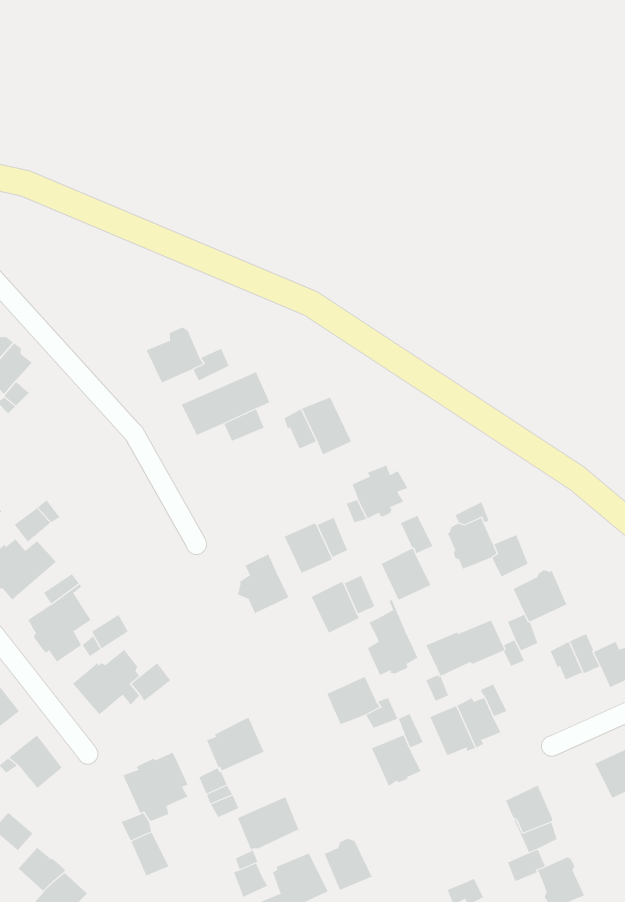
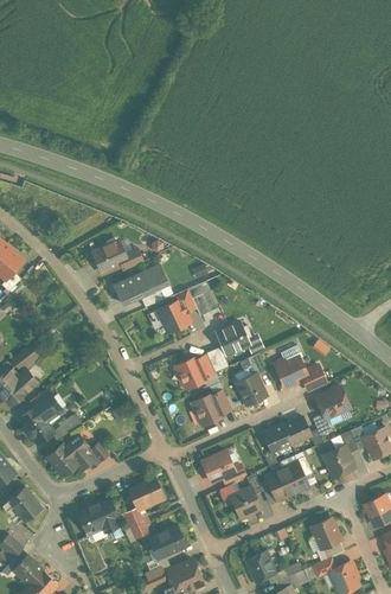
building: none -> [156,300,188,333]
building: [237,553,289,614] -> none
building: [367,599,418,676] -> none
building: none -> [323,446,353,478]
building: [324,838,372,891] -> [245,550,275,582]

